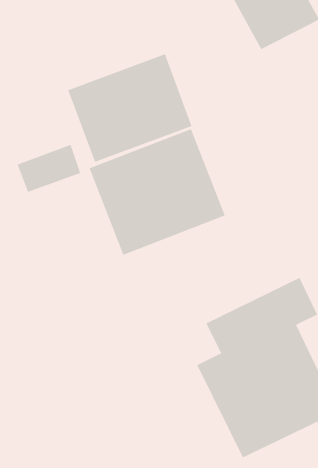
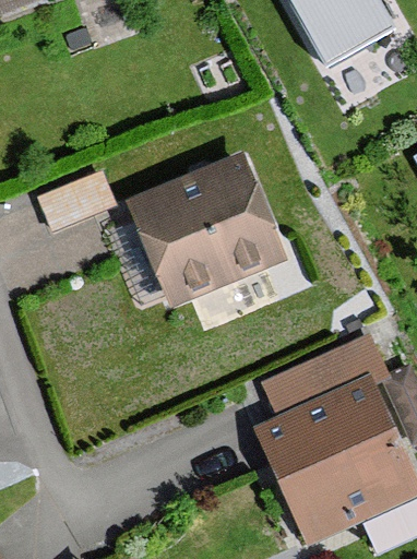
building: [67,53,193,163] -> none

